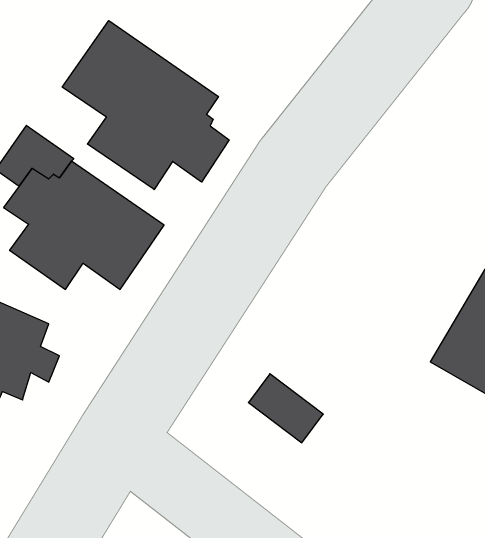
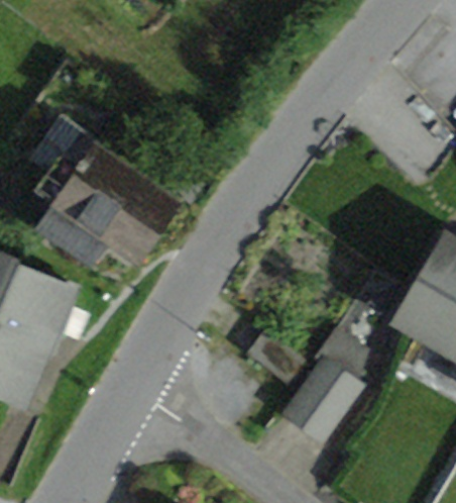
building: [62,21,229,190] -> none
building: none -> [287,331,362,436]

